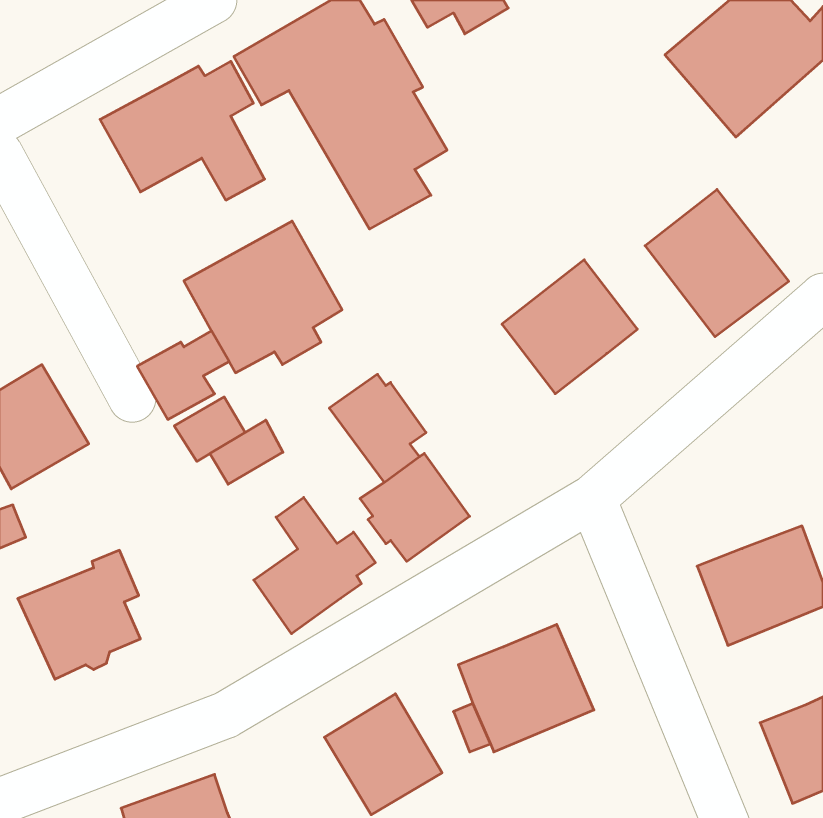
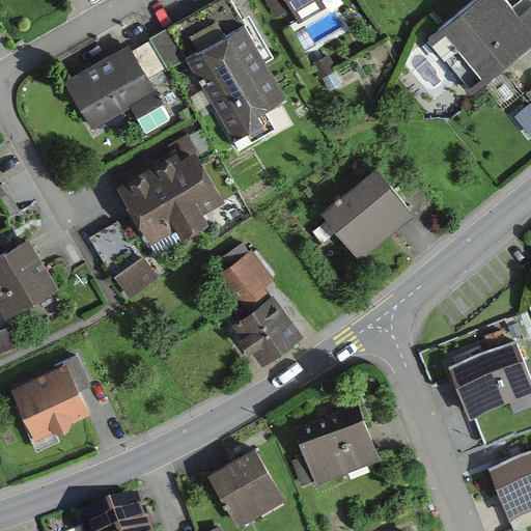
building: [645,189,789,337] -> none
building: [210,420,283,484] -> none
building: [254,497,375,634] -> none

